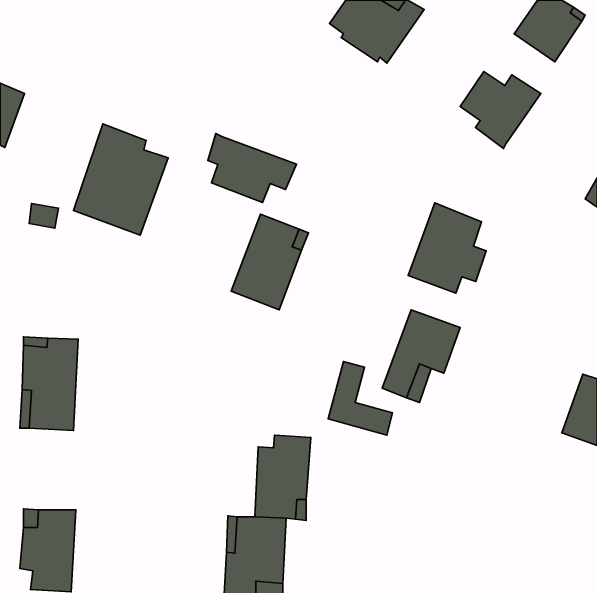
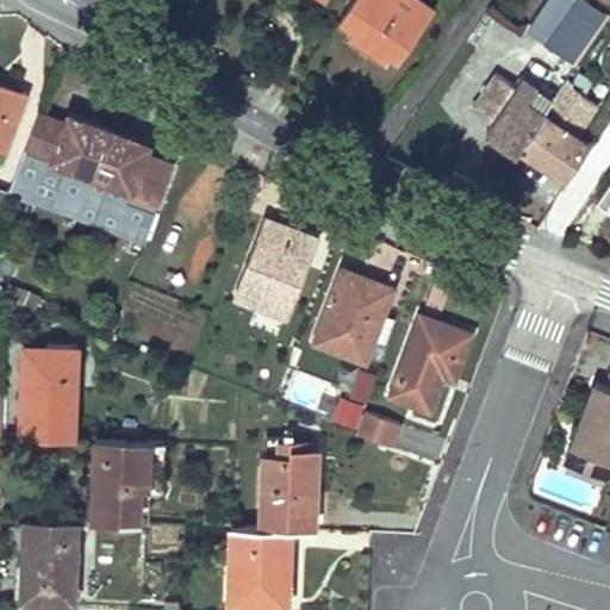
building: none -> [516,76,595,181]
building: none -> [10,116,105,219]
building: [208,133,296,202] -> none
building: [408,203,486,293] -> [316,273,396,365]
building: none -> [93,444,151,528]

